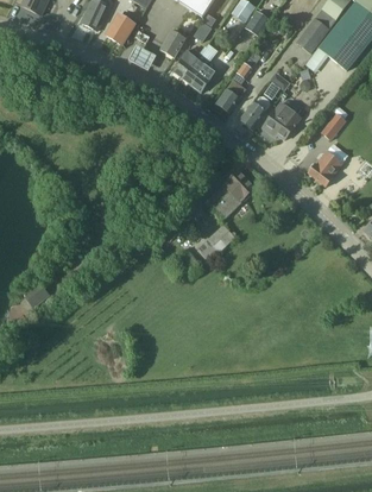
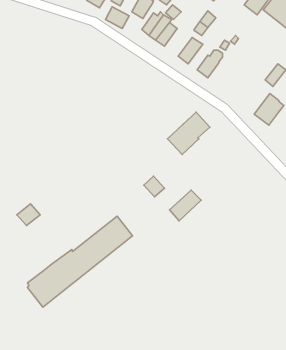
building: [261,101,301,140] -> none
building: [197,225,235,261] -> [169,190,201,221]
building: none -> [27,216,132,307]

